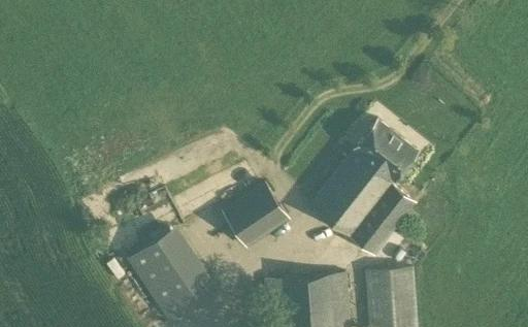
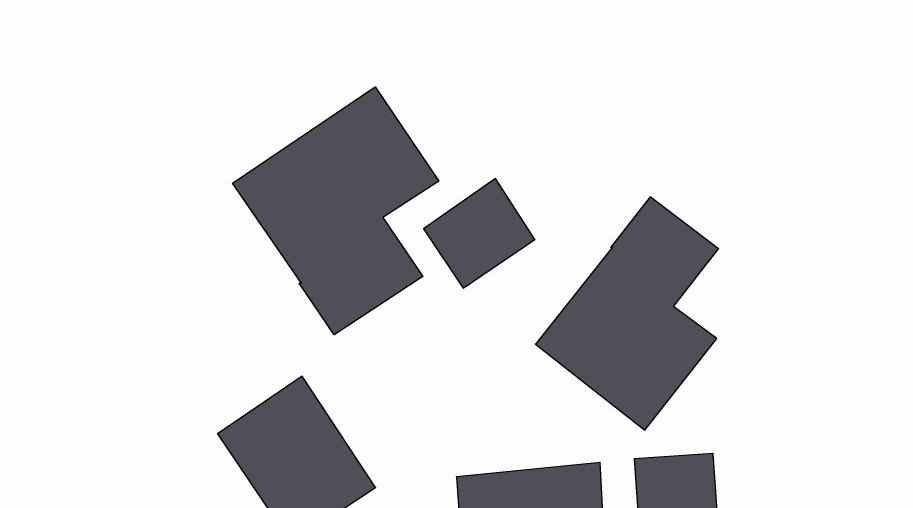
building: none -> [233,87,439,335]
building: [223,182,287,244] -> [424,179,535,288]

